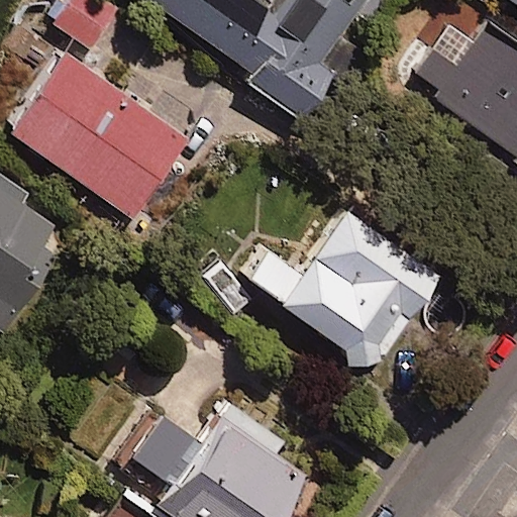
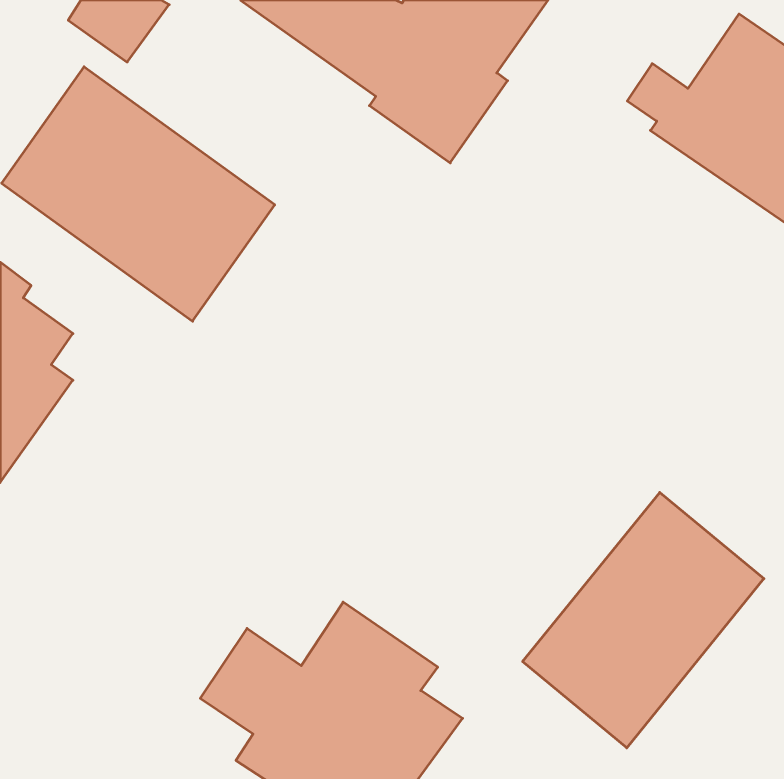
building: [243,204,436,357] -> none
building: none -> [523,492,764,748]

